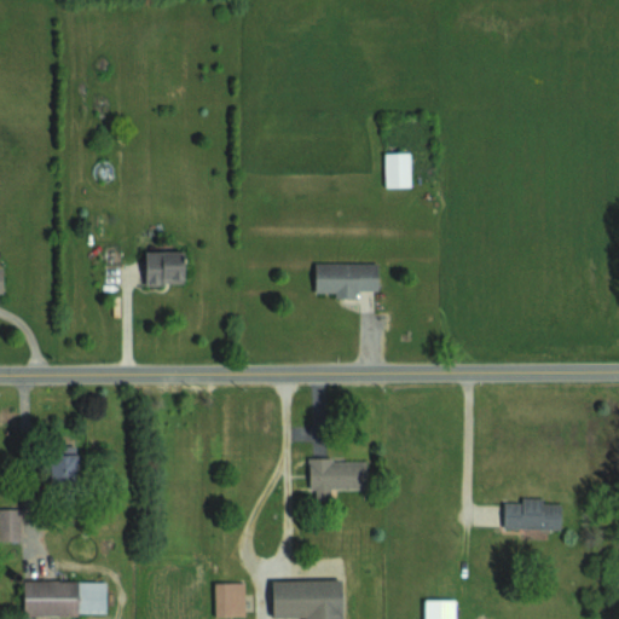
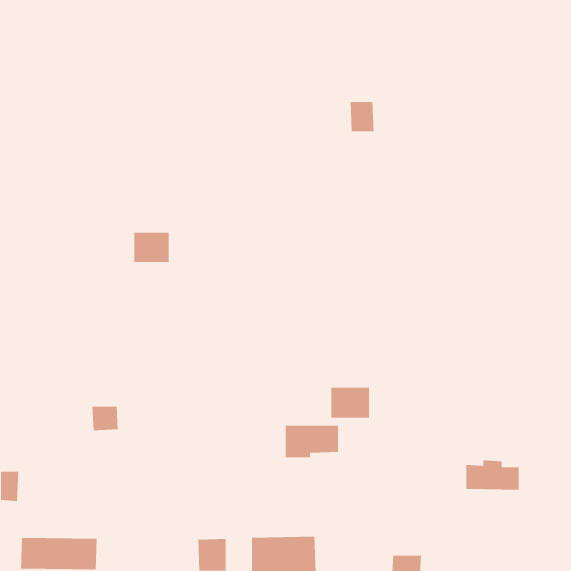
building: [386,155,412,187] -> [350,102,374,132]
building: [316,264,380,299] -> none
building: none -> [331,387,370,419]
building: [51,456,80,482] -> [92,406,119,431]

